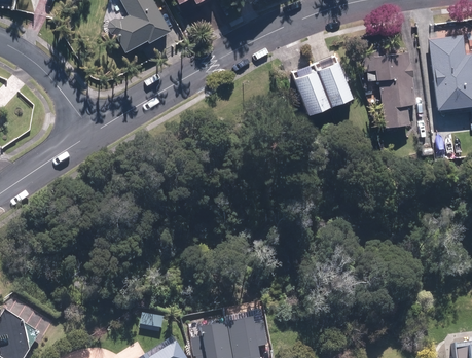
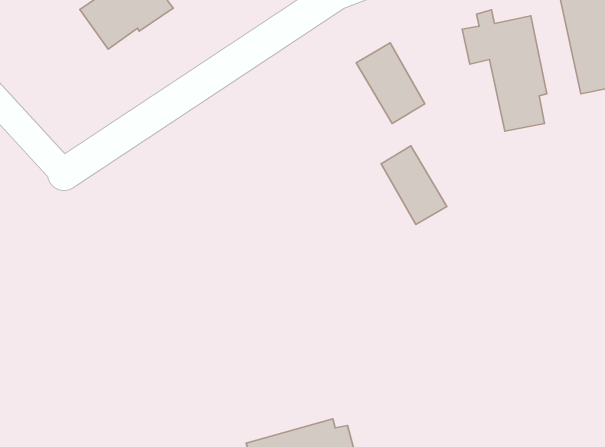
building: [314,53,355,106] -> [381,146,447,225]

